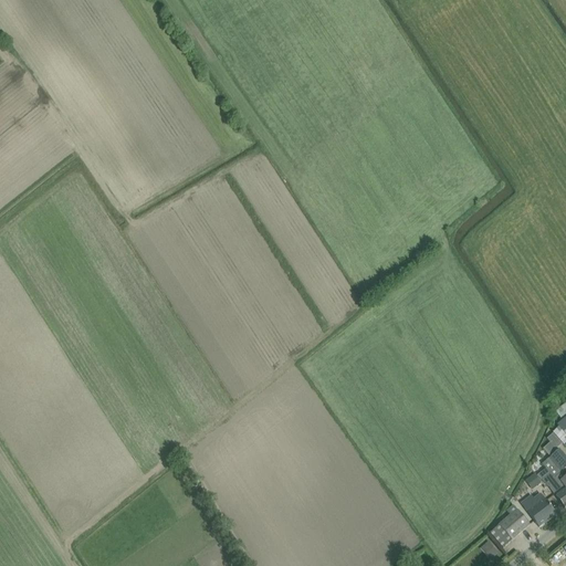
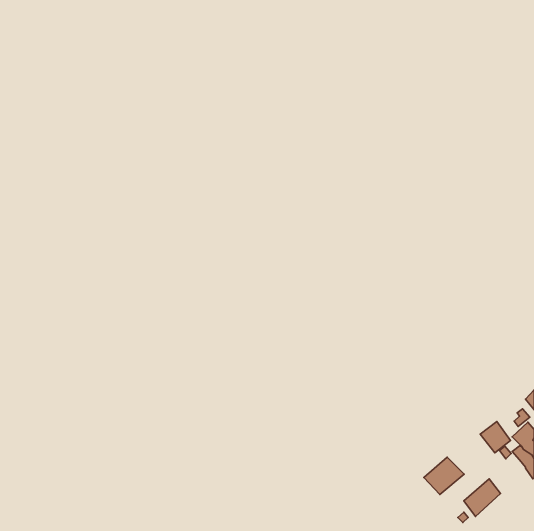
building: none -> [424,457,464,494]
building: [523,492,555,525] -> [480,422,510,453]

